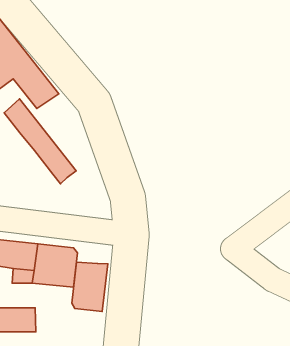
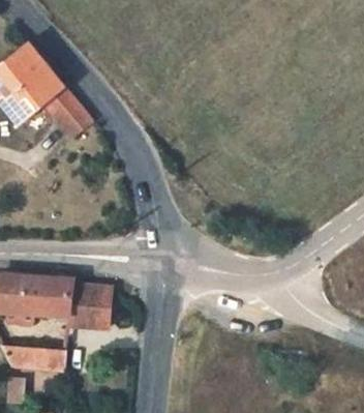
building: [4,99,76,184] -> none
building: [72,262,108,311] -> none

